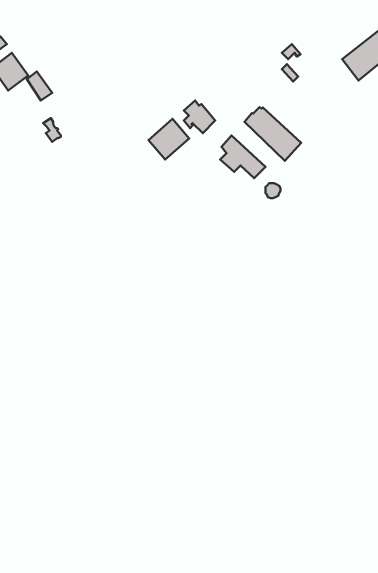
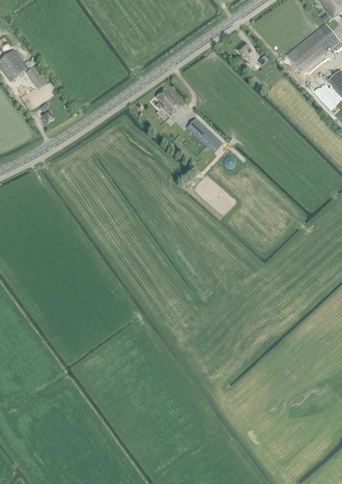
building: [244,107,301,161] -> none
building: [149,119,189,160] -> none

